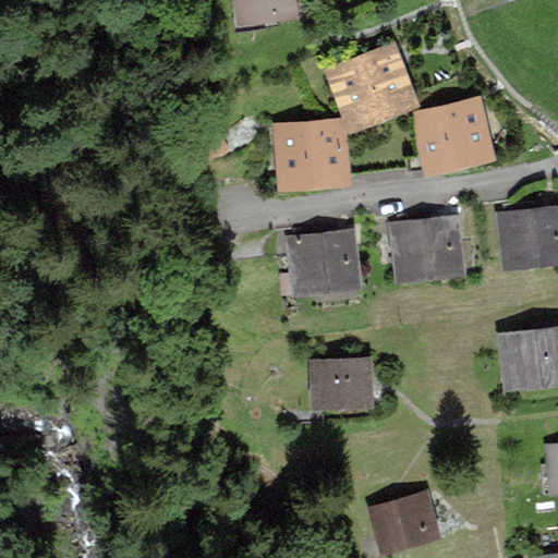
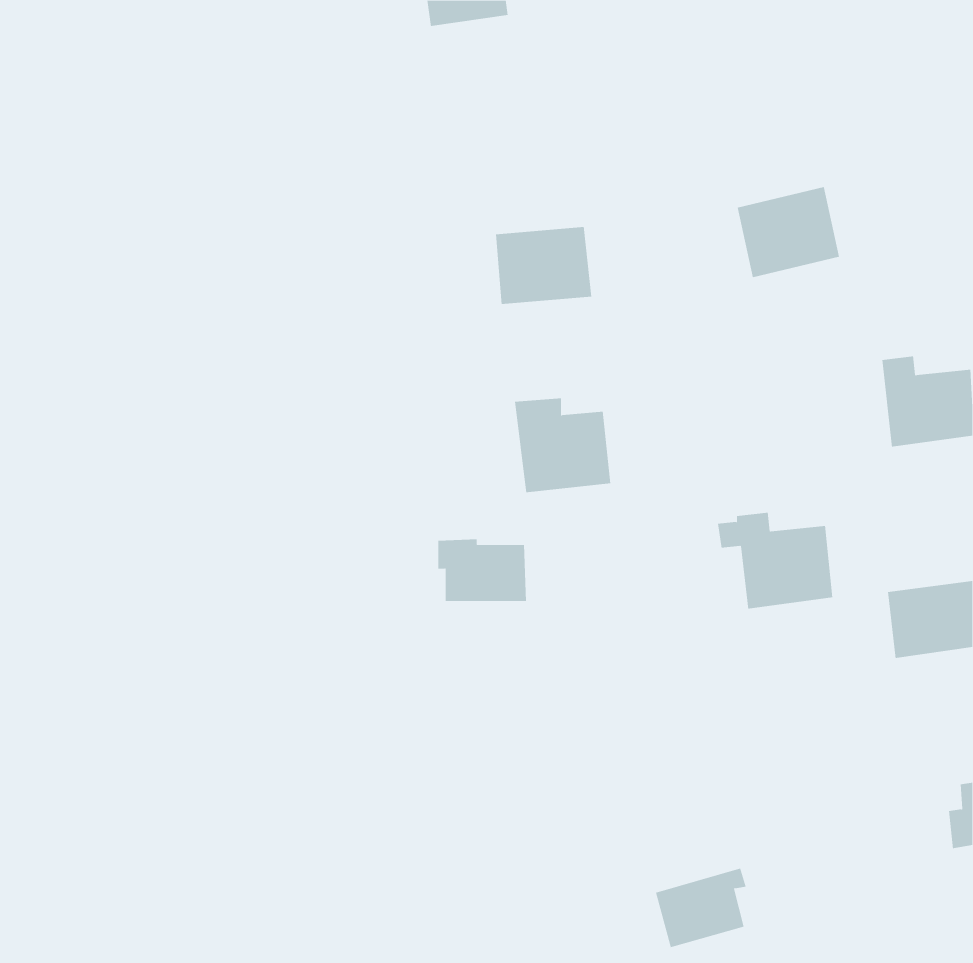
building: [338,61,404,121] -> none
building: [387,219,453,275] -> [717,512,833,609]
building: [315,366,366,402] -> [437,539,527,602]

